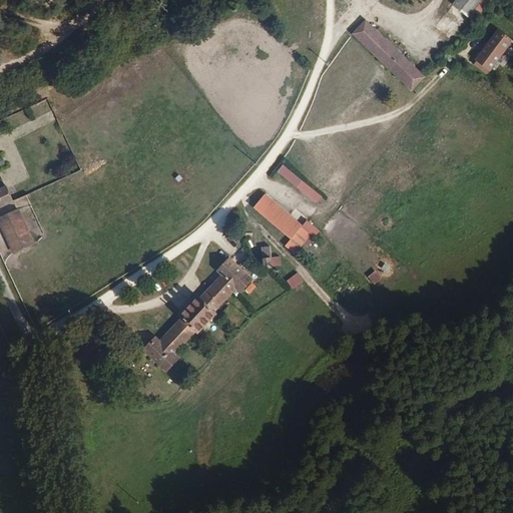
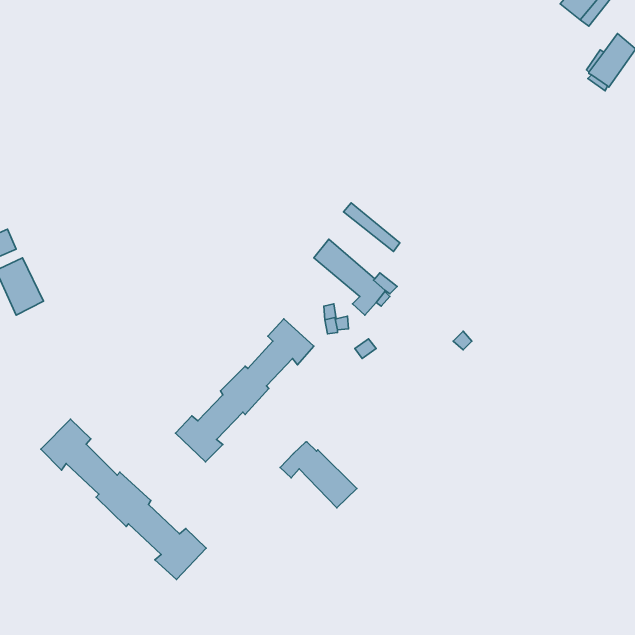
building: [351,19,425,90] -> none
building: none -> [41,419,206,580]
building: none -> [280,442,357,508]

